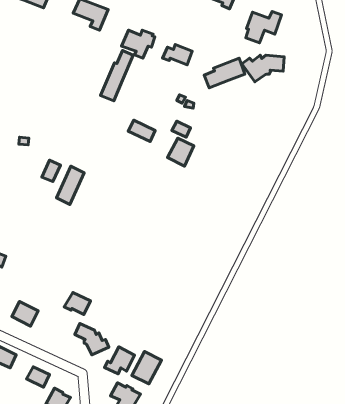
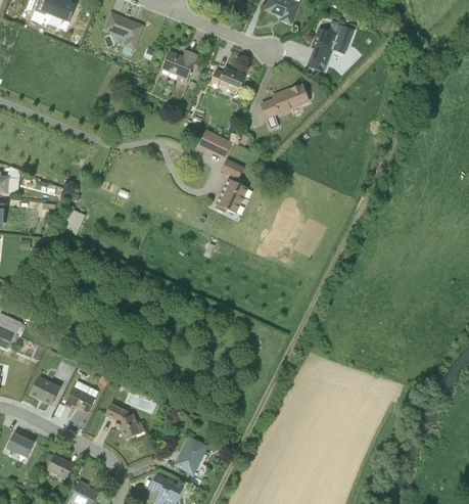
building: [101,50,133,101] -> none
building: [242,55,284,82] -> none
building: [128,120,155,141] -> [198,131,231,156]
building: [56,166,84,205] -> none
building: [64,292,91,314] -> [63,386,95,413]
building: [104,347,135,374] -> none

